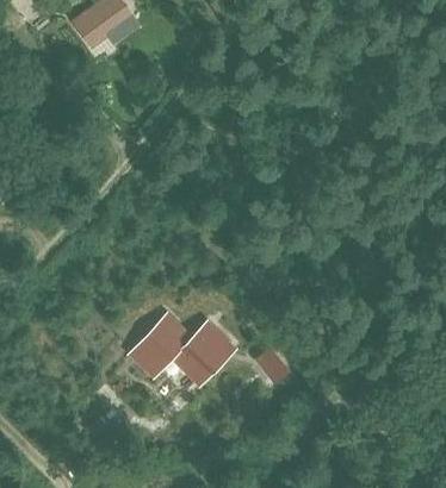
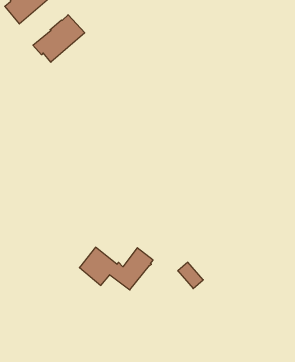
building: none -> [33,15,85,62]

